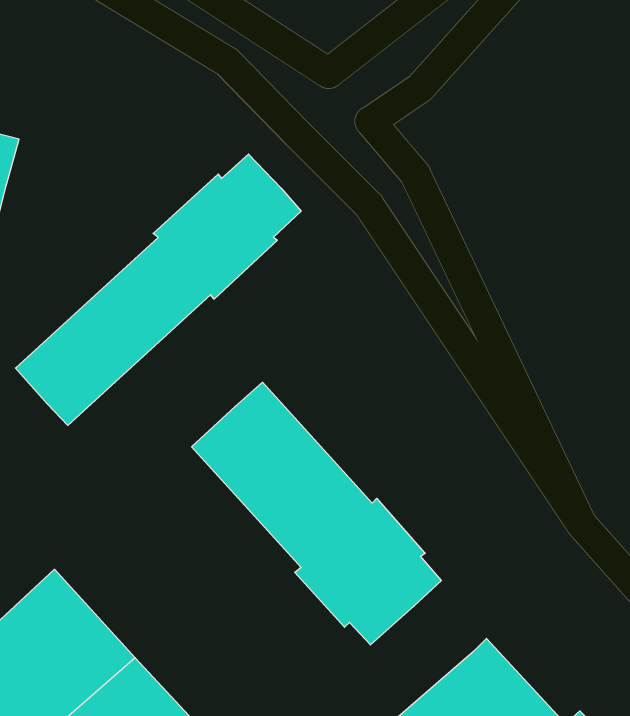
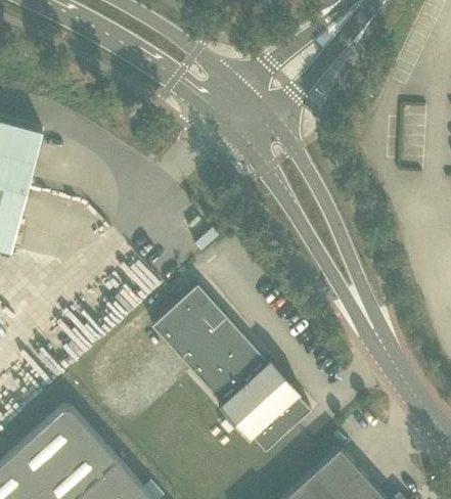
building: [15,154,301,425] -> none

